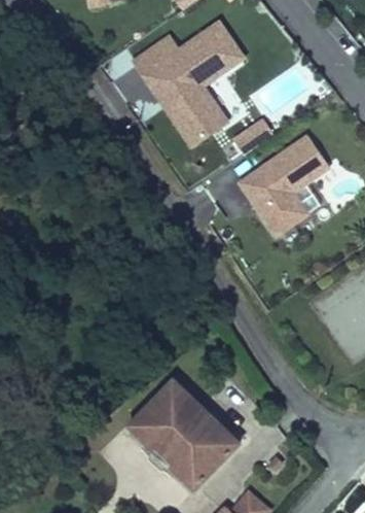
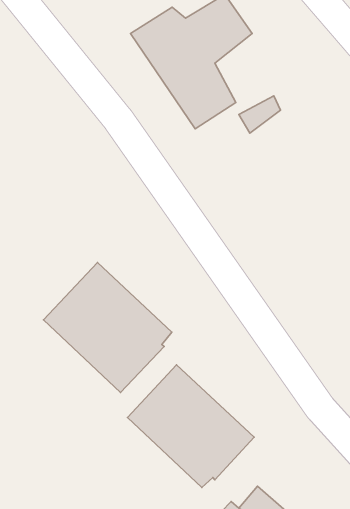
building: [240,132,330,240] -> none
building: none -> [44,263,172,392]

